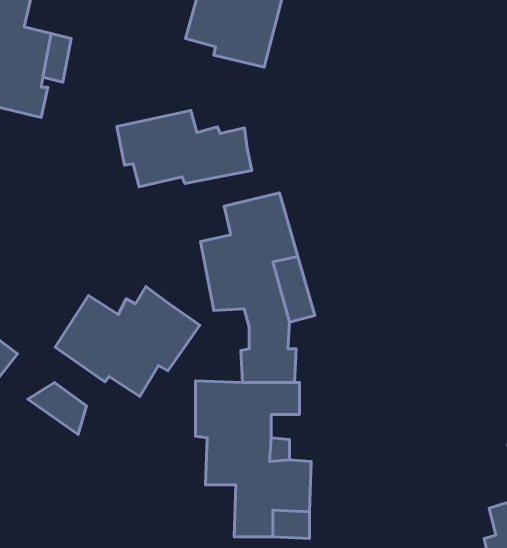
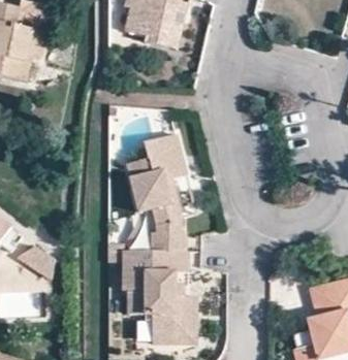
building: [117,111,252,187] -> none
building: [55,286,200,396] -> none

